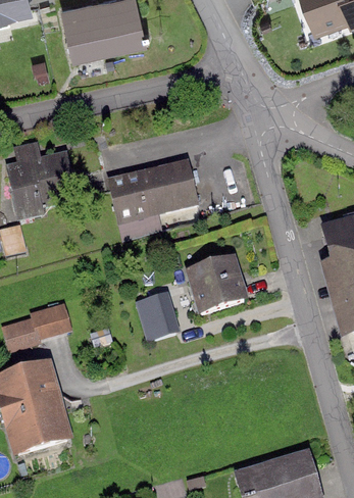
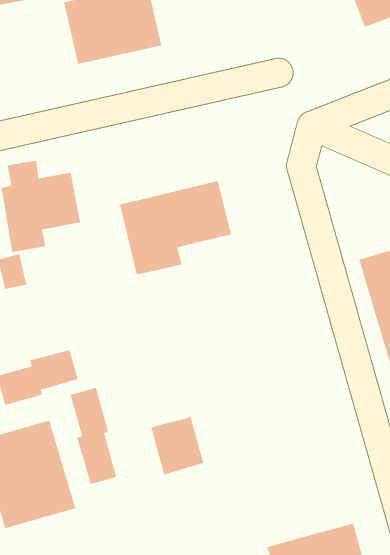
building: [186,257,245,314] -> none
building: [135,289,181,339] -> [150,417,204,475]
building: none -> [70,387,117,485]

